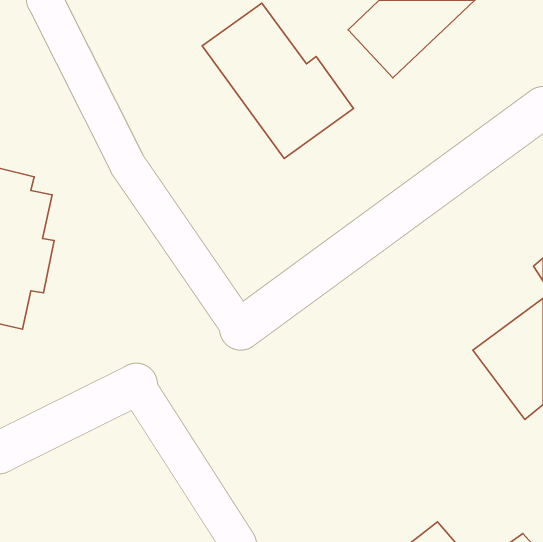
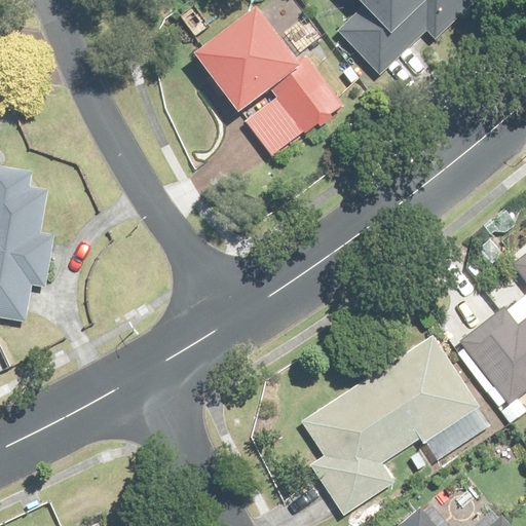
building: none -> [301,335,492,515]

